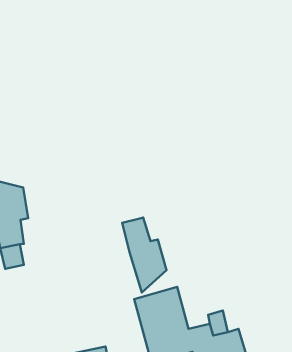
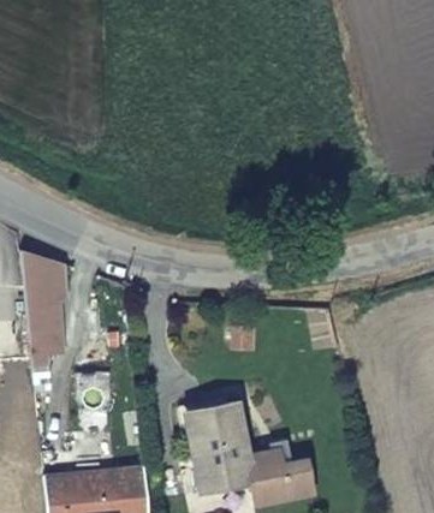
building: [122,217,167,293] -> none

